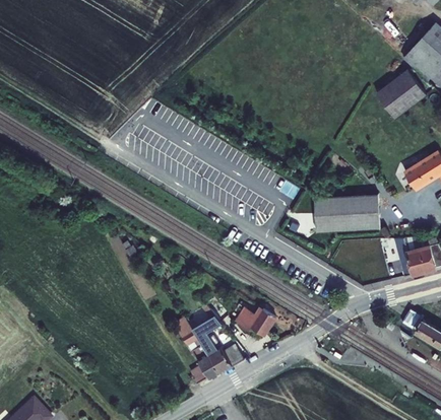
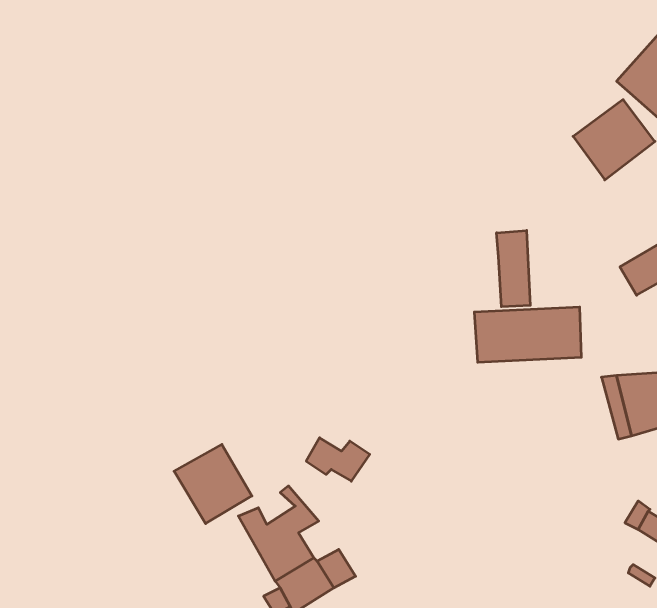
building: none -> [497,230,530,307]
building: none -> [174,444,252,524]
building: [235,308,273,335] -> [306,438,370,481]

